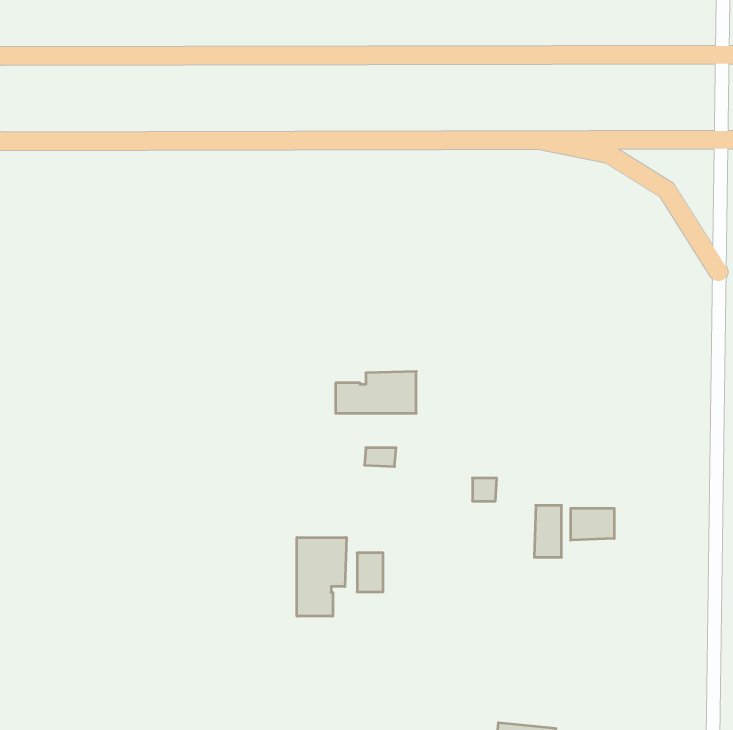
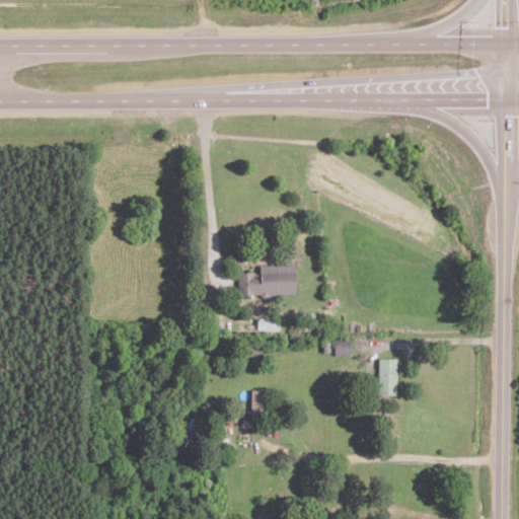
building: [571,508,614,540] -> none
building: [297,537,346,616] -> none

